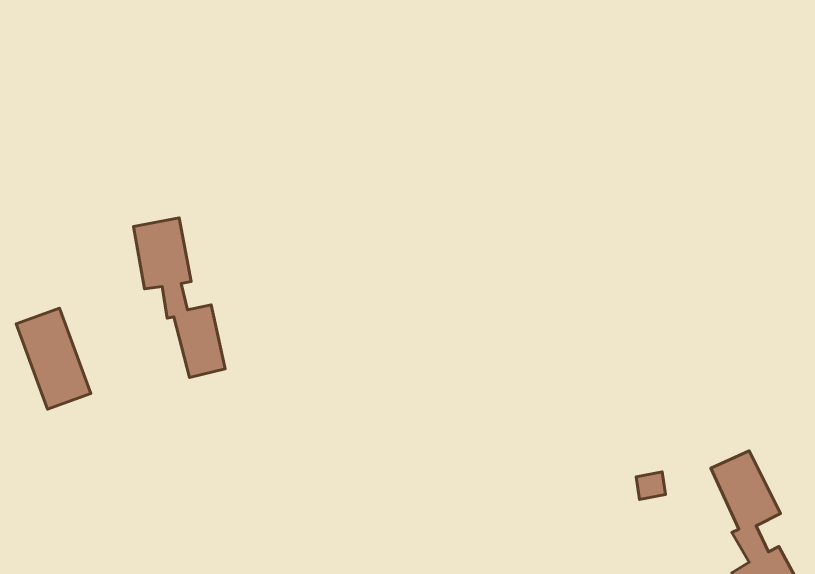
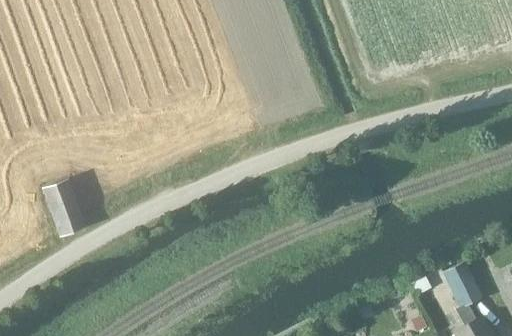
building: [133,218,225,378] -> none

